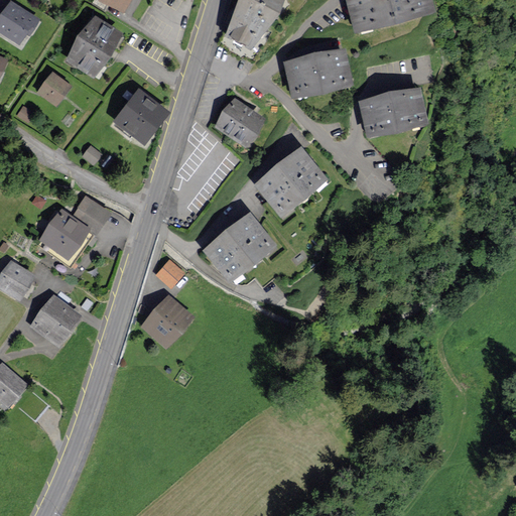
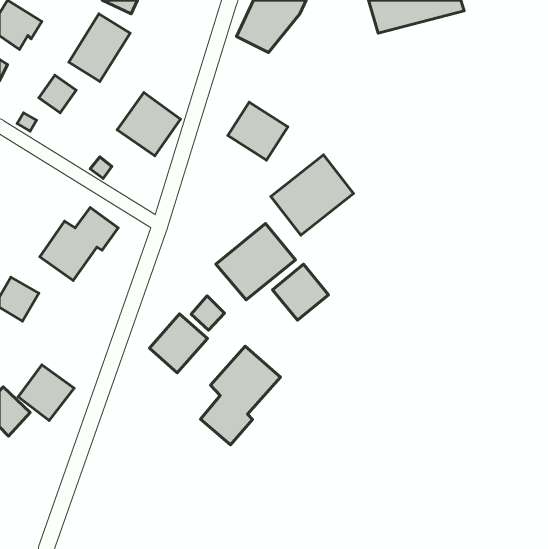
building: [286,50,352,98] -> none
building: [360,88,428,137] -> none
building: none -> [273,264,328,320]
building: [154,257,185,289] -> [191,296,224,330]
building: [30,295,83,348] -> [18,365,74,421]
building: none -> [200,346,280,445]

